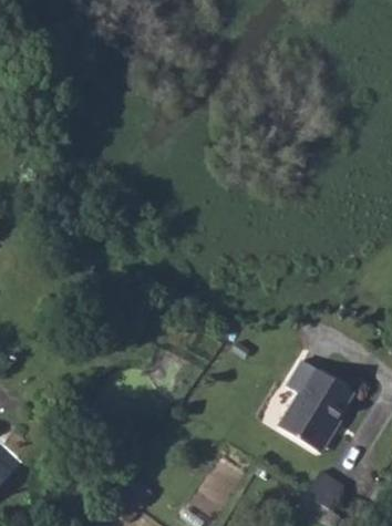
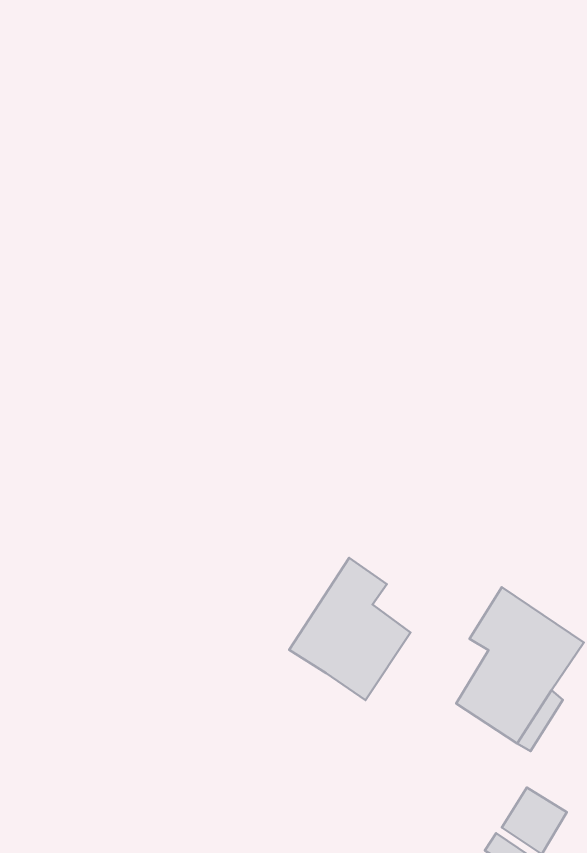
building: none -> [289,558,410,700]

